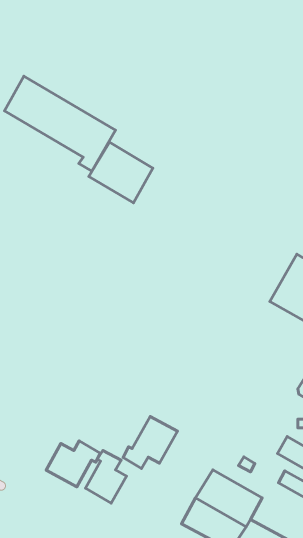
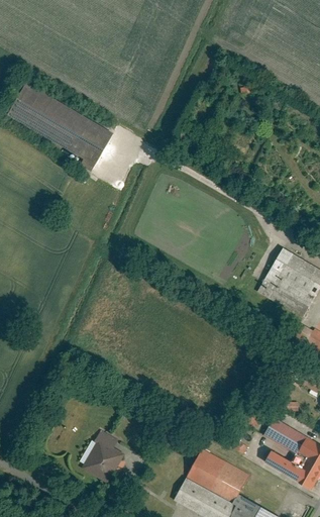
building: [89,142,153,203] -> none
building: [123,416,177,468] -> none
building: [46,441,100,487] -> none

